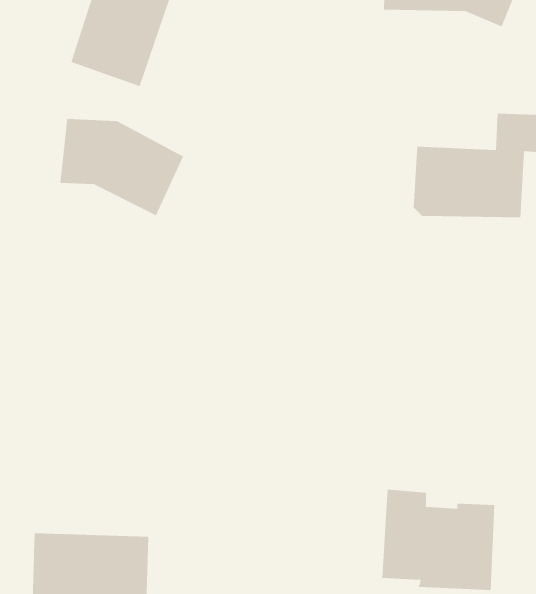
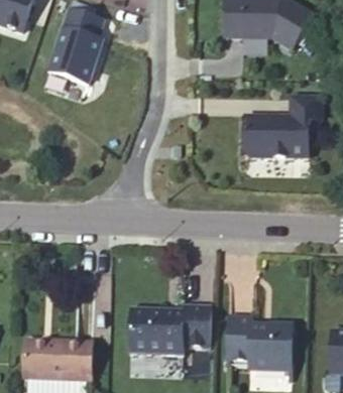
building: [60,118,184,216] -> none
building: none -> [130,305,212,355]

